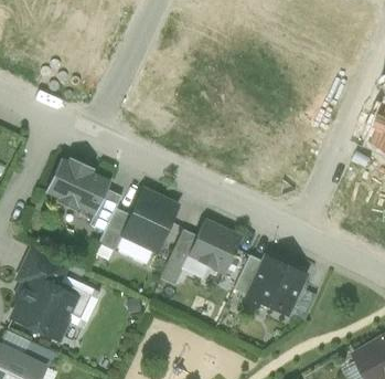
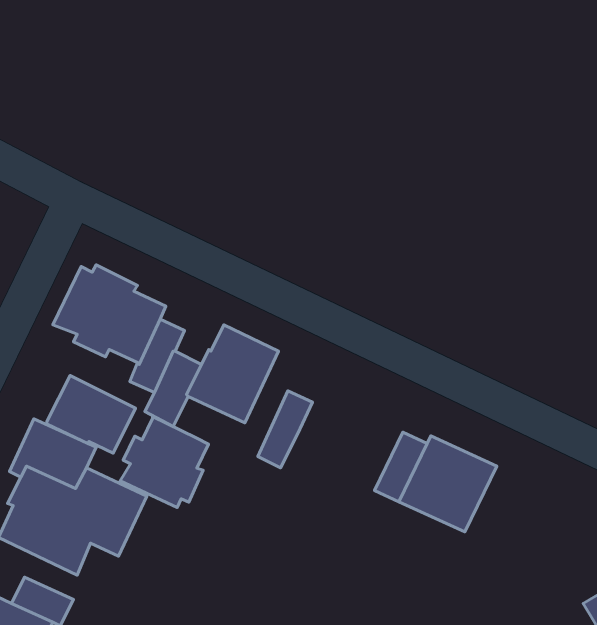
building: [188,221,240,273] -> none
building: none -> [47,375,135,453]
building: none -> [120,416,208,507]

